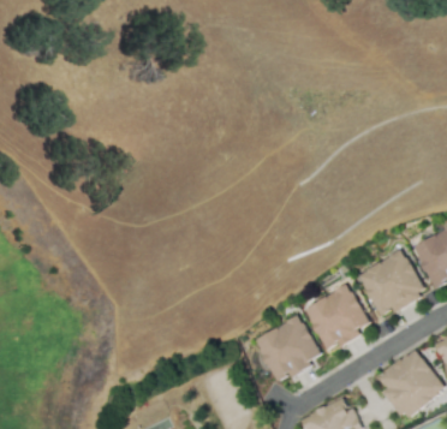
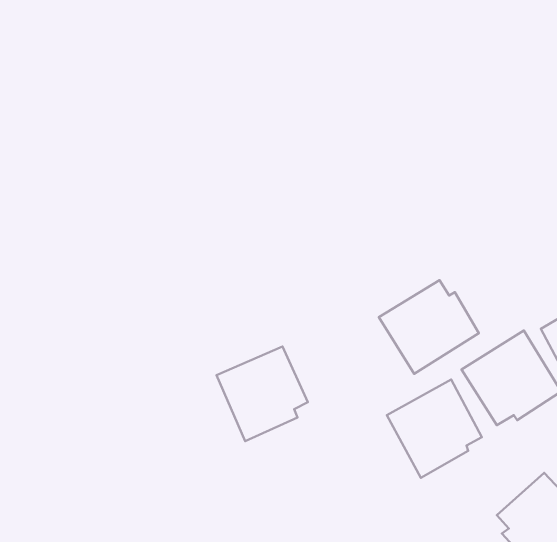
building: none -> [379,280,479,374]
building: [252,316,317,383] -> [216,346,308,441]

